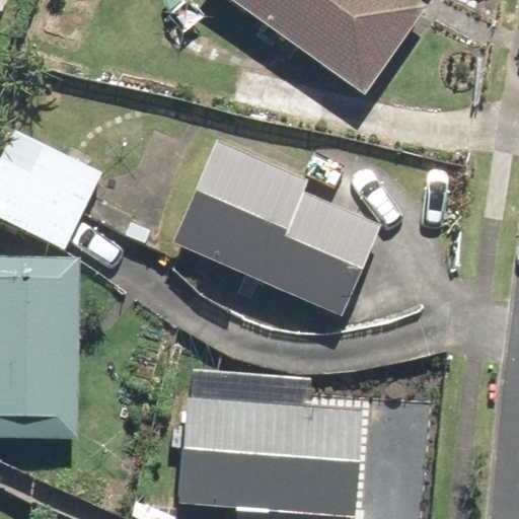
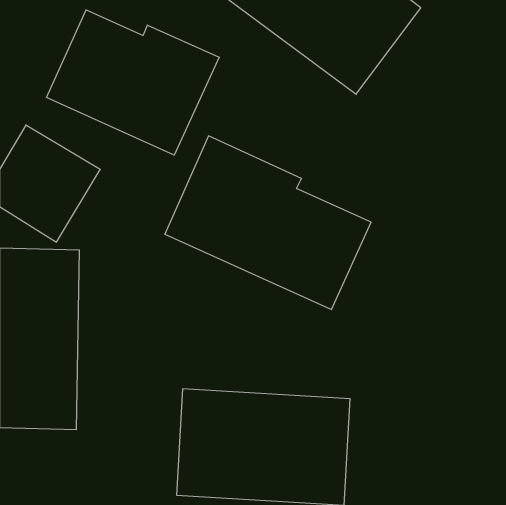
building: none -> [47,10,219,155]

